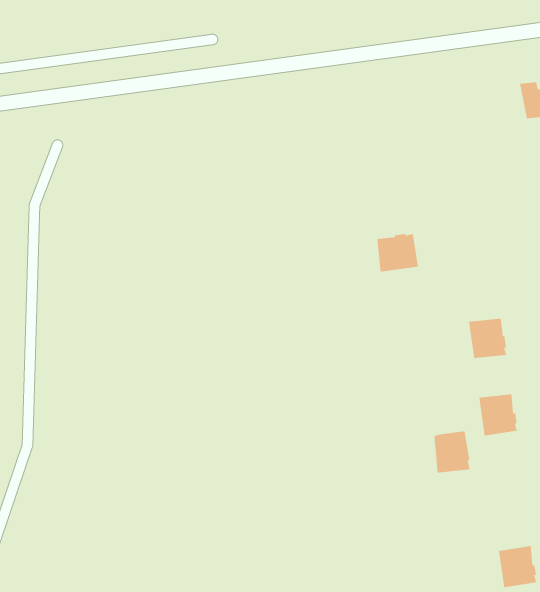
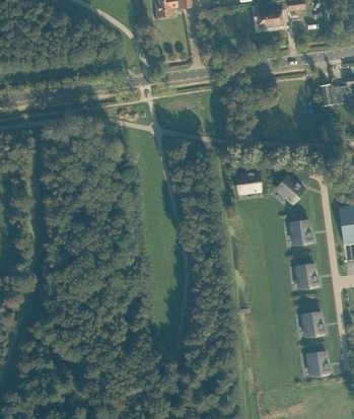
building: none -> [275,176,304,204]
building: [433,431,470,473] -> [302,312,324,337]

